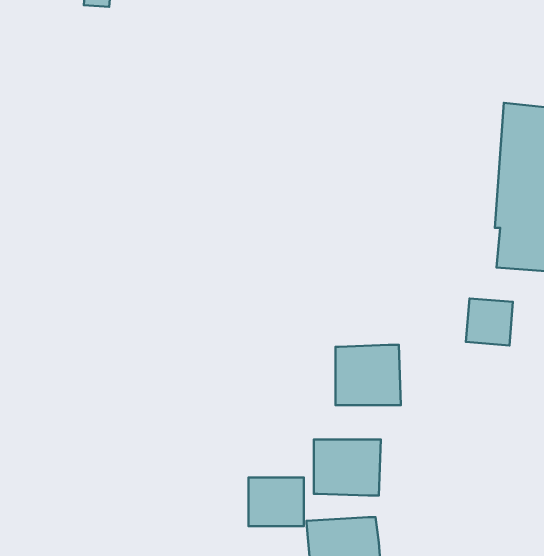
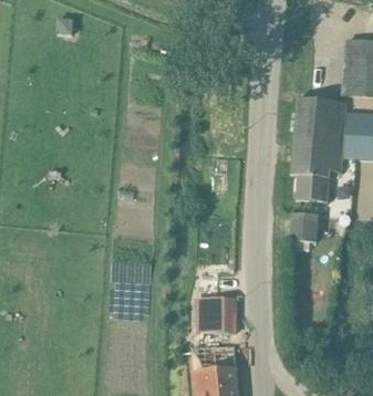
building: [335,345,401,405] -> none
building: [248,478,304,526] -> none

